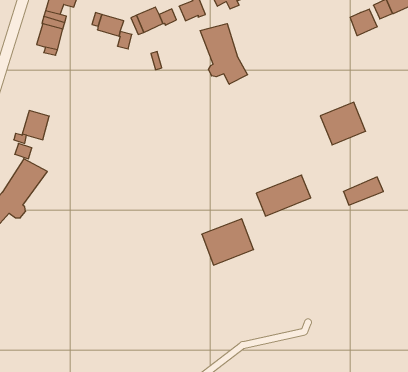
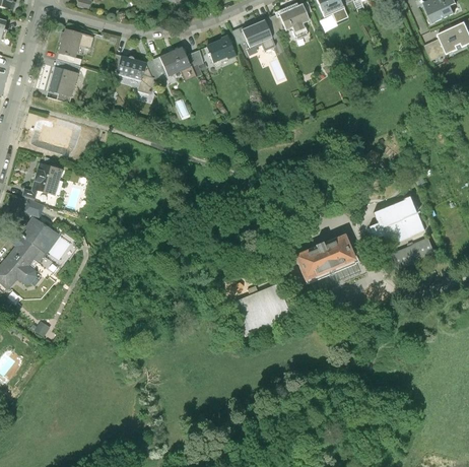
building: [350,9,377,36] -> none
building: [200,24,248,84] -> none
building: none -> [38,121,77,155]
building: [320,102,366,145] -> [374,197,424,245]

